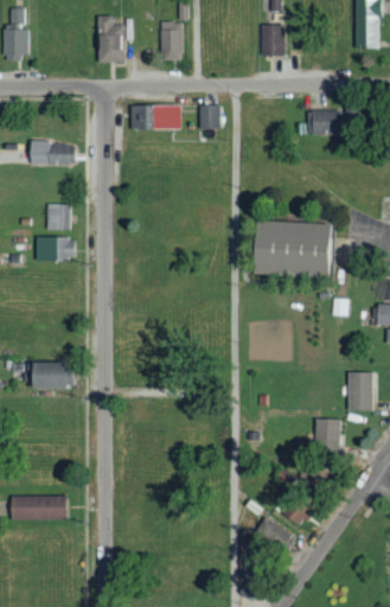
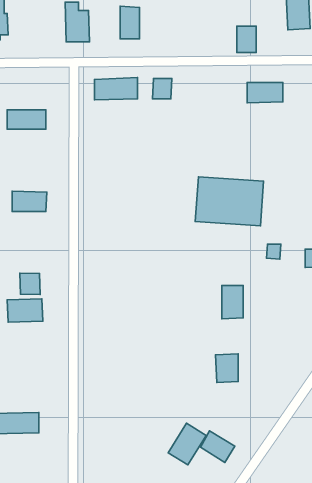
building: [263,24,286,55] -> [237,26,256,52]
building: [47,203,72,230] -> none
building: none -> [20,273,40,295]
building: [349,371,373,410] -> [222,285,243,319]
building: [315,417,341,451] -> [216,354,238,382]
building: none -> [168,423,206,465]

